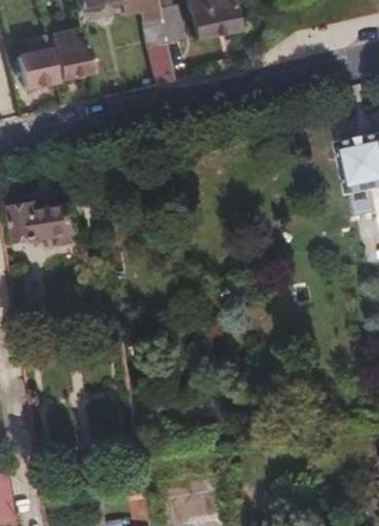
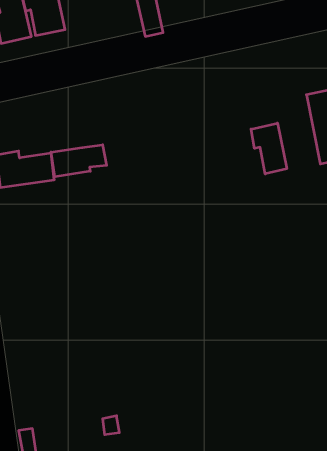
building: none -> [251,123,287,174]
building: none -> [51,145,107,177]

